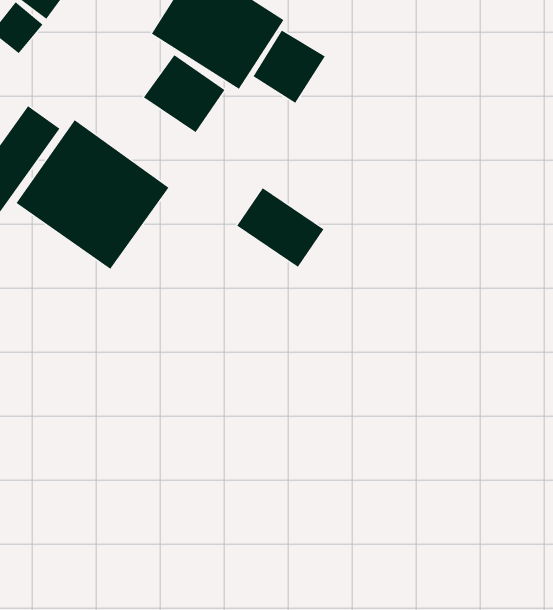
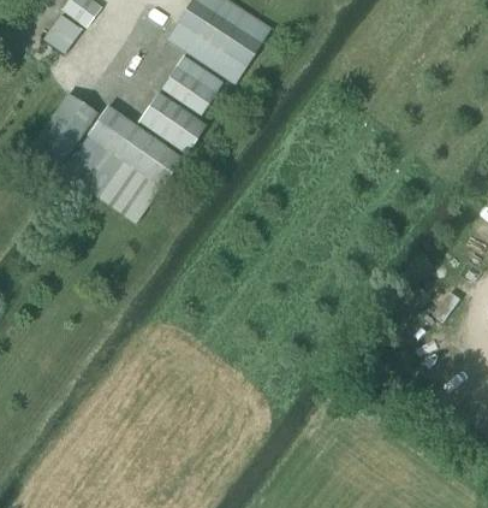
building: [252,30,326,104] -> none
building: [236,187,325,268] -> [139,93,208,155]

